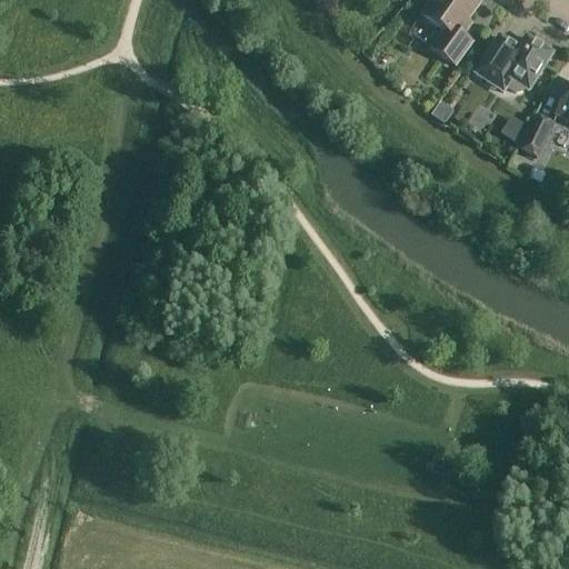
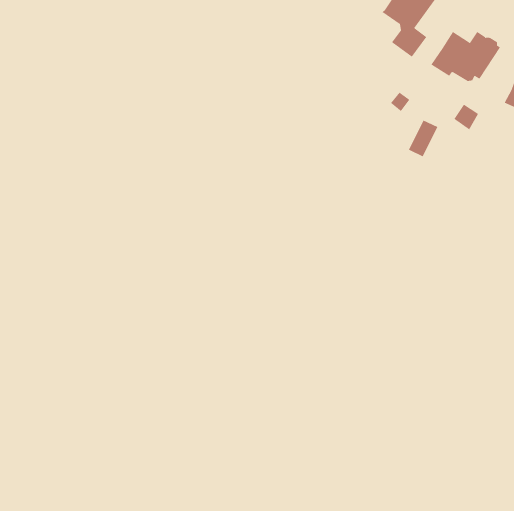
building: [520,116,553,157] -> [408,120,438,157]

